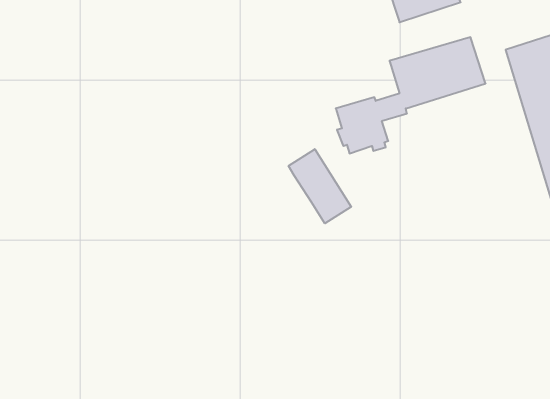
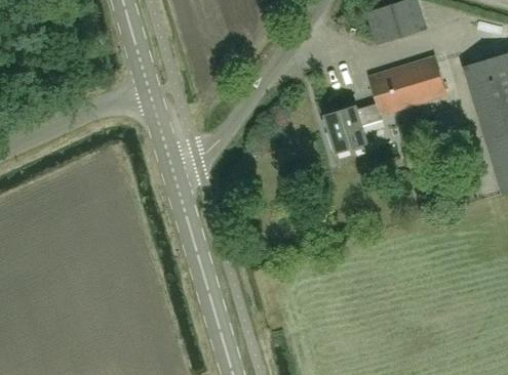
building: [289,149,351,223] -> none

